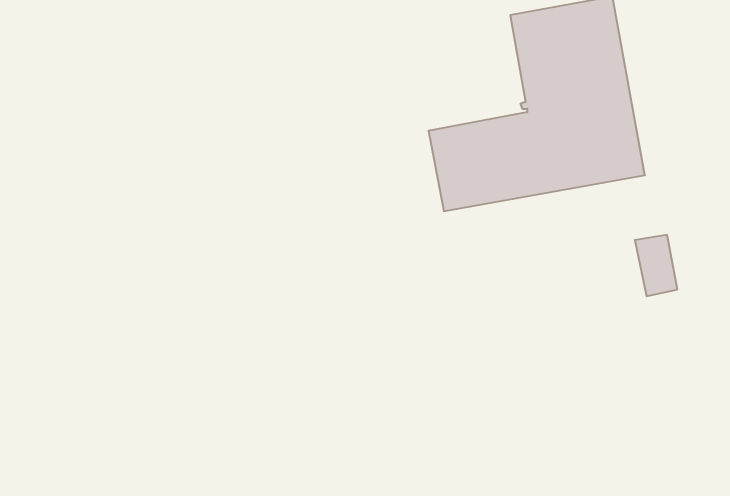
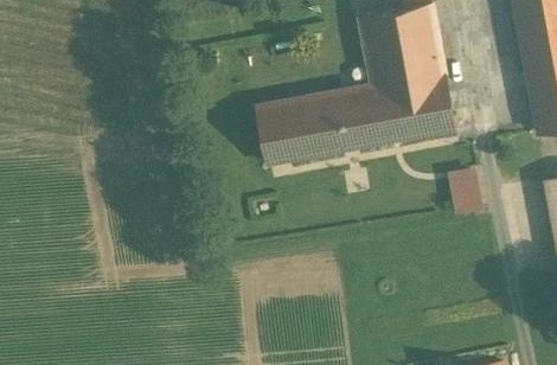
building: none -> [256,100,314,165]

